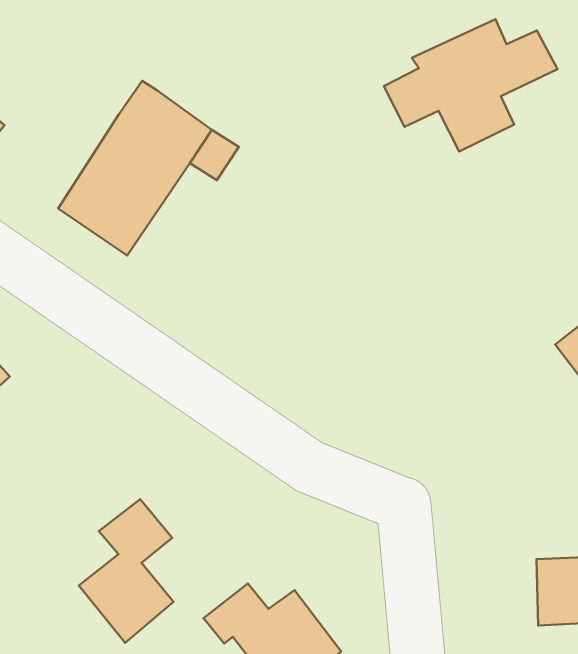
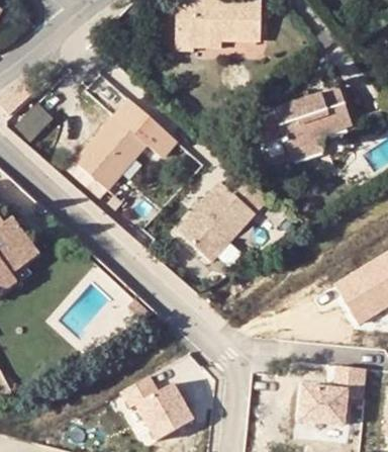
building: none -> [176,164,270,258]
building: [79,499,174,643] -> none

